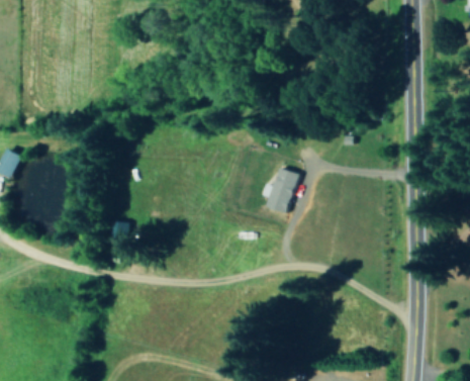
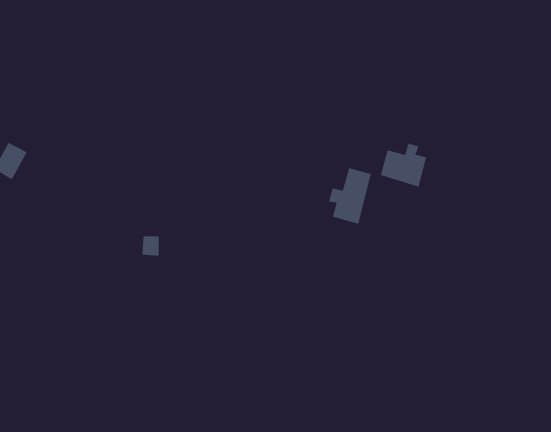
building: none -> [380,143,427,188]

